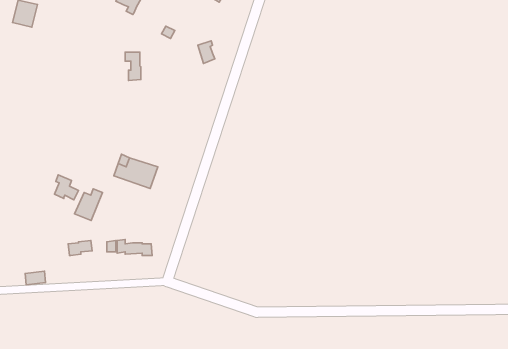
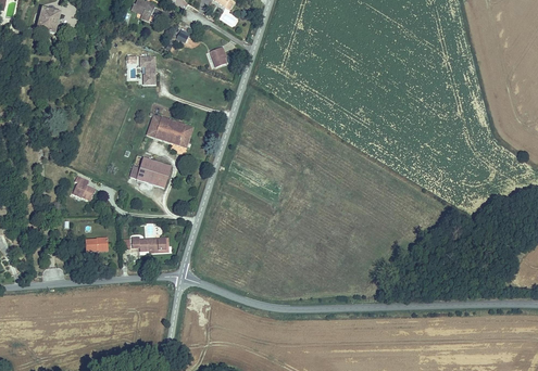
building: none -> [148,115,192,148]
building: [75,189,103,220] -> none

